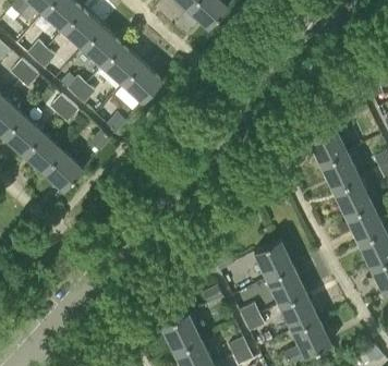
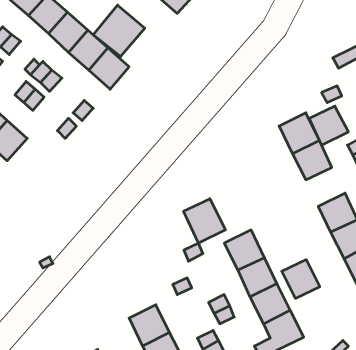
building: none -> [93,5,145,57]
building: [43,150,83,191] -> none
building: [334,179,372,217] -> [309,106,348,145]
building: none -> [184,199,225,243]
building: none -> [282,260,320,298]

